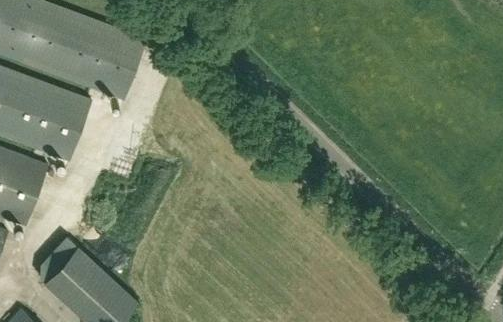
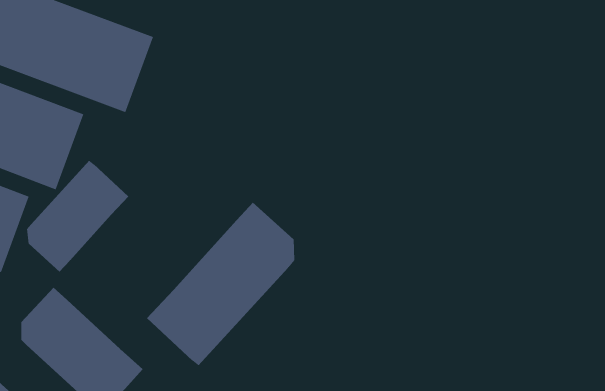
building: none -> [27,160,129,272]
building: none -> [146,202,295,366]

